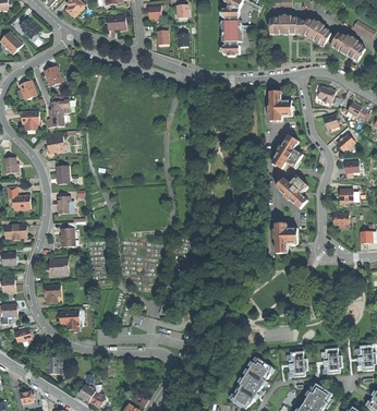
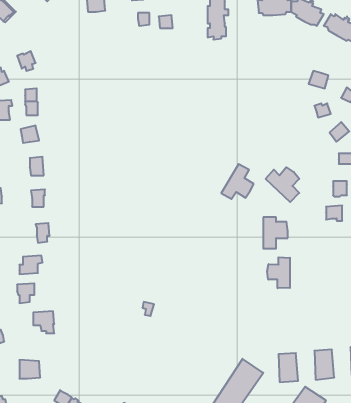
building: [270,90,292,121] -> none
building: [272,135,303,168] -> [221,164,254,199]
building: none -> [267,257,290,288]

